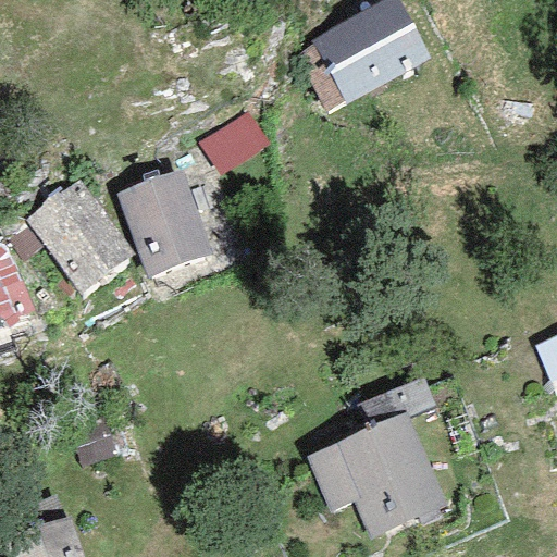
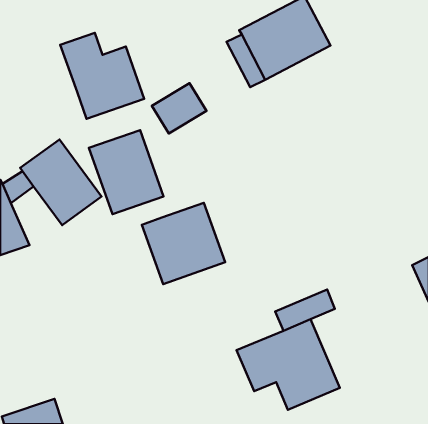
building: none -> [60,33,144,119]
building: none -> [142,203,225,284]

